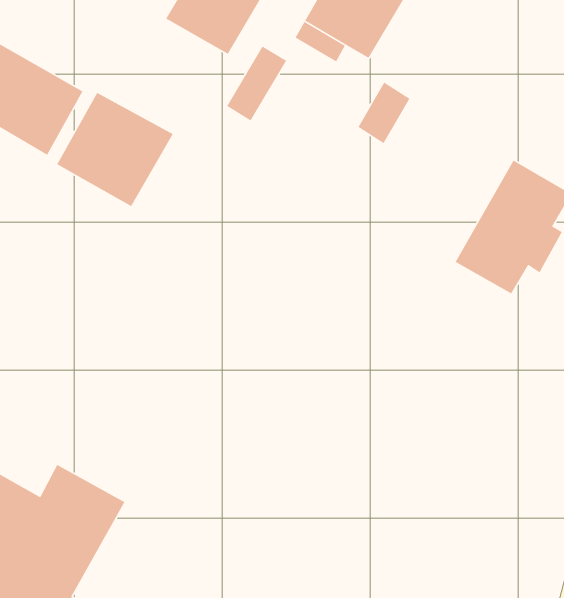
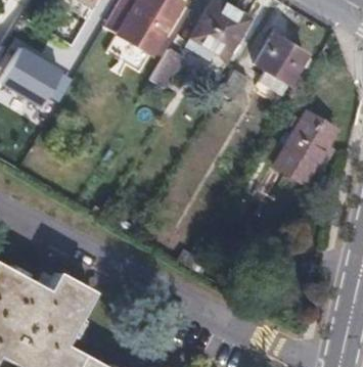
building: none -> [256,34,307,84]
building: [56,92,174,207] -> none

